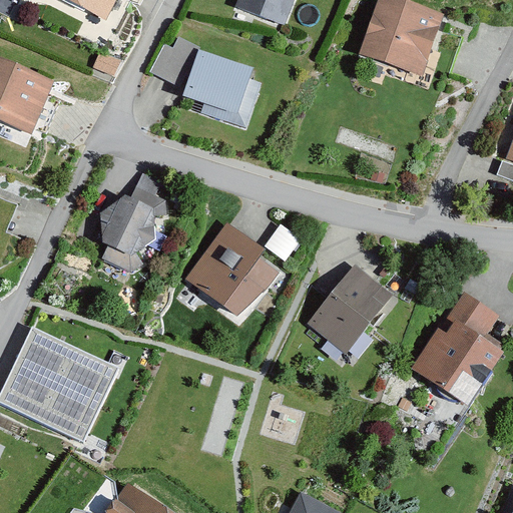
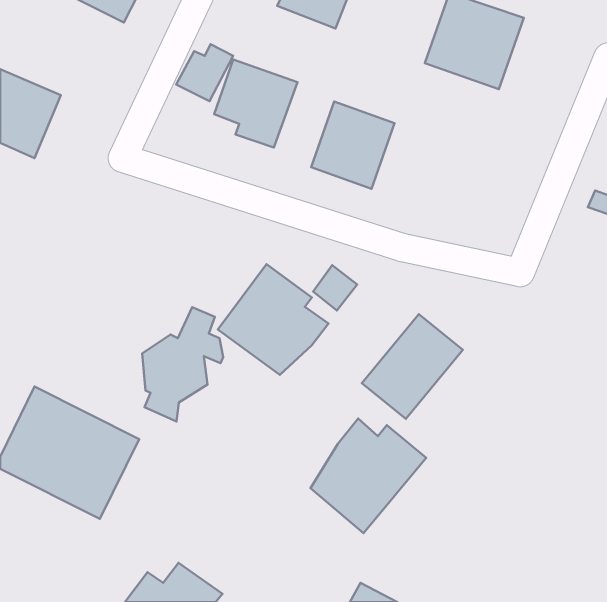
building: none -> [311,101,395,189]
building: [100,174,168,271] -> [142,307,223,421]
building: [411,293,503,406] -> none
building: none -> [311,418,426,533]

